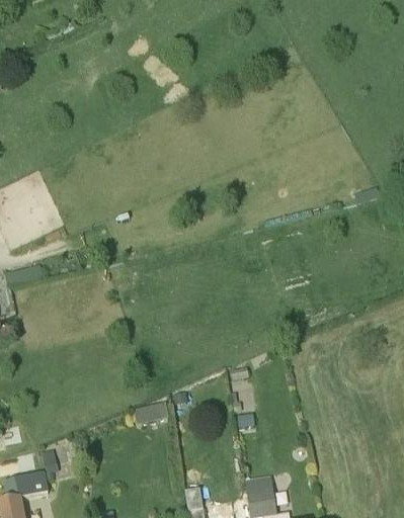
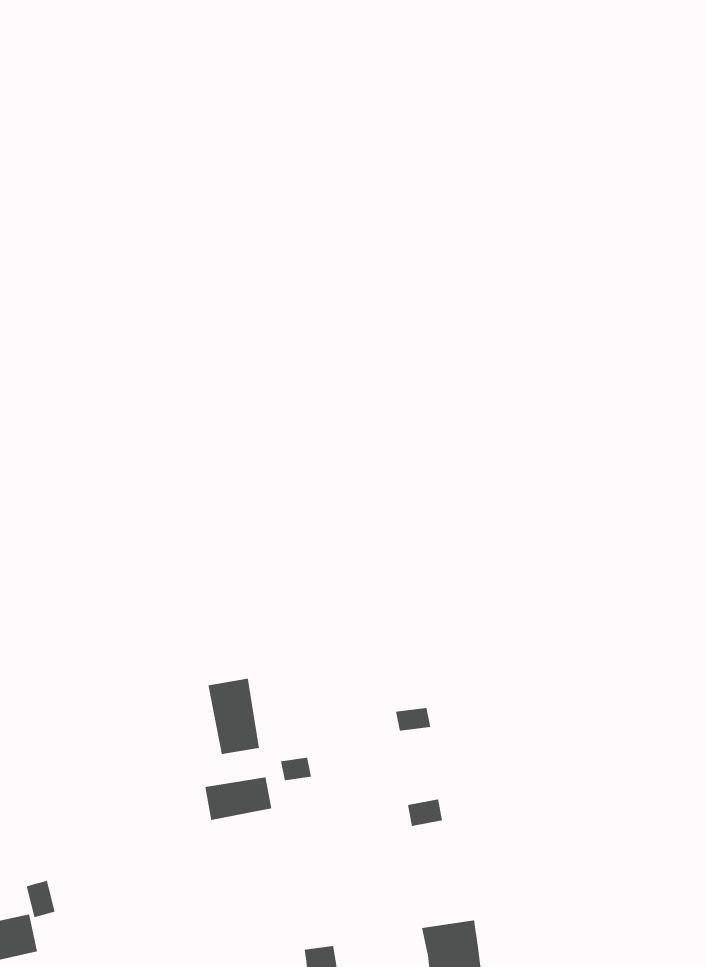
building: none -> [208,678,260,755]

